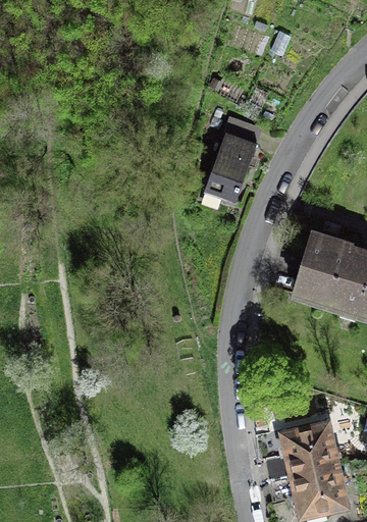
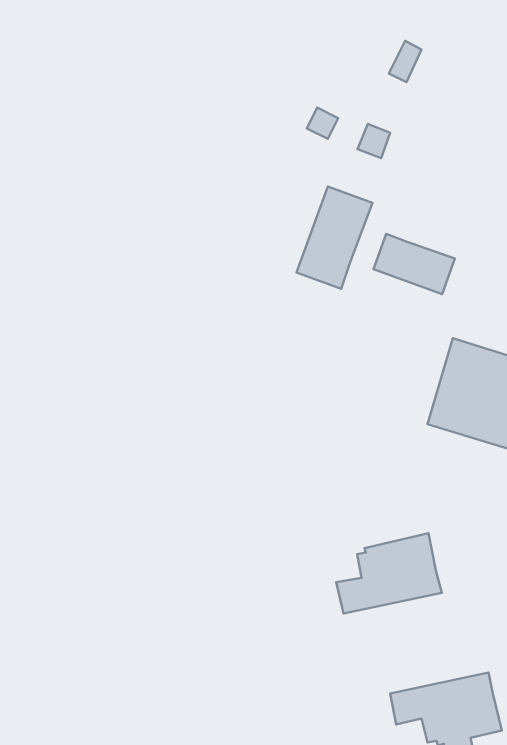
building: none -> [374,234,455,294]
building: [265,423,337,478] -> [336,533,442,613]

